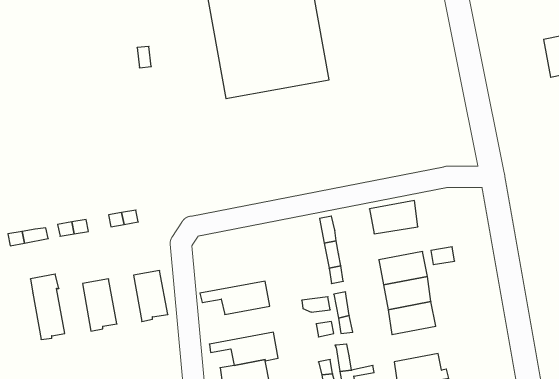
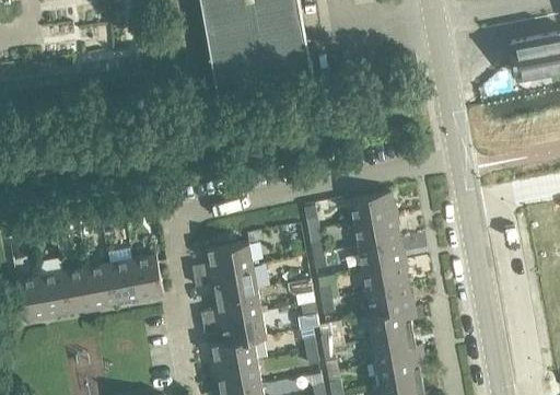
building: none -> [353,214,398,245]
building: none -> [191,241,253,276]
building: none -> [108,259,139,304]
building: none -> [60,267,92,313]
building: none -> [14,276,46,322]
building: none -> [200,288,260,323]
building: none -> [366,306,416,339]

